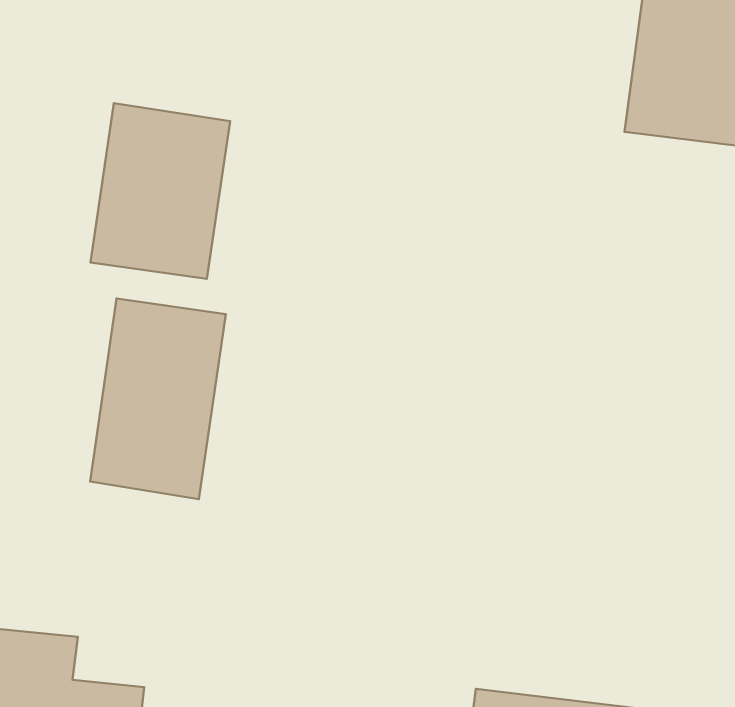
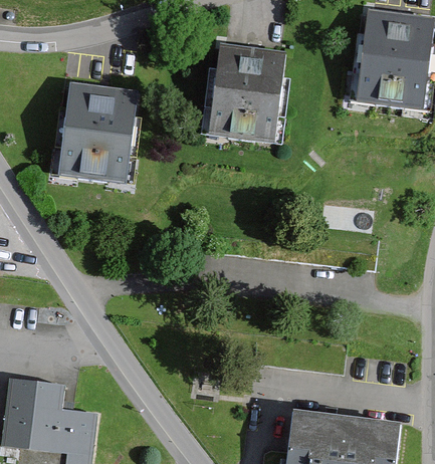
building: none -> [213,44,286,142]
building: [90,299,226,499] -> none

